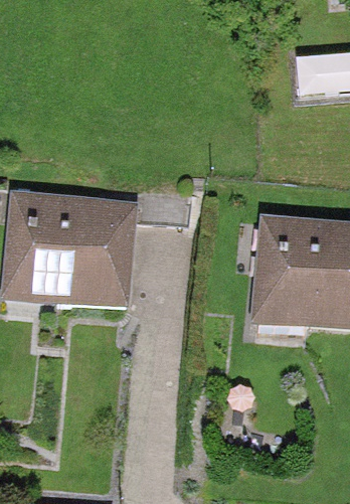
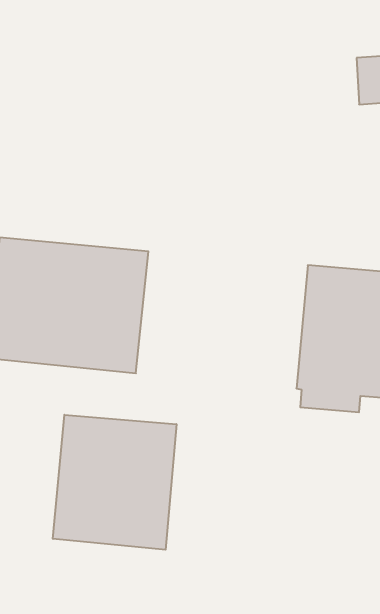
building: none -> [53,415,176,550]

